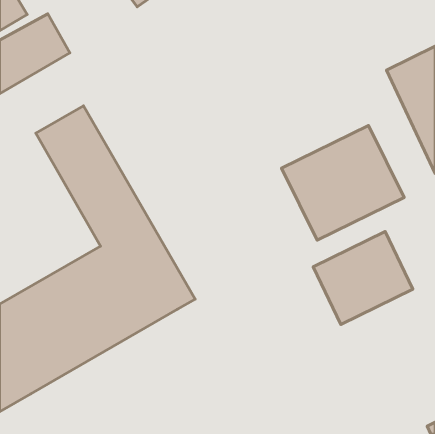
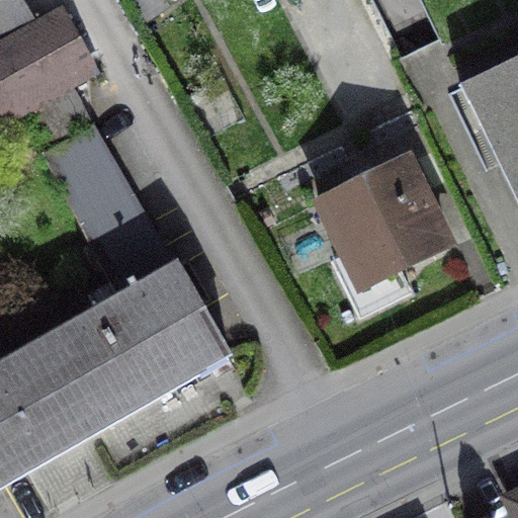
building: [313,231,413,325] -> none

